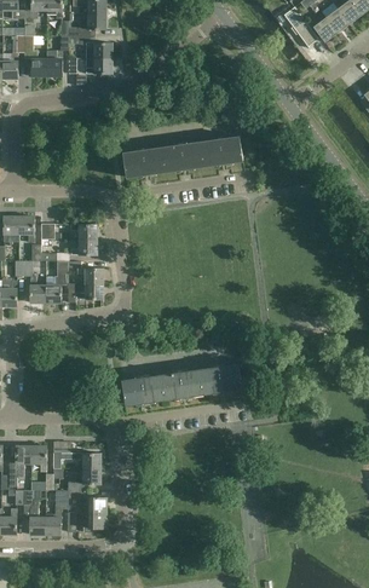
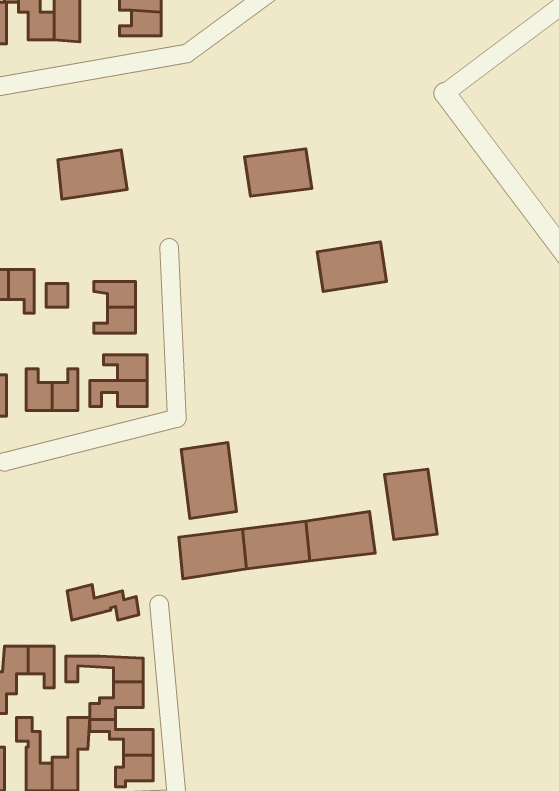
building: [200,136,242,166] -> [317,242,386,292]
building: [123,146,166,177] -> [58,150,127,199]
building: none -> [181,443,236,518]
building: none -> [384,469,437,540]
building: none -> [67,584,139,620]

